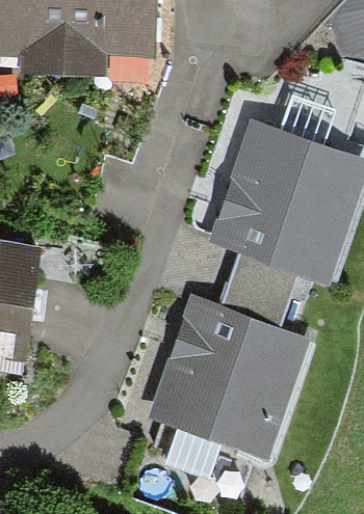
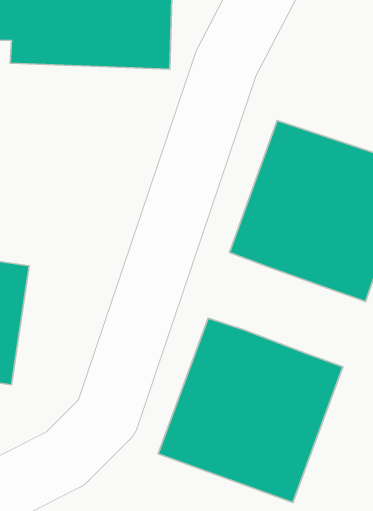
building: [224,251,296,326] -> none

